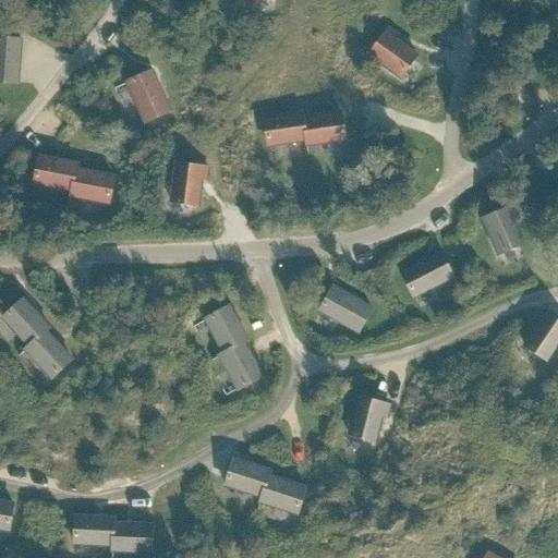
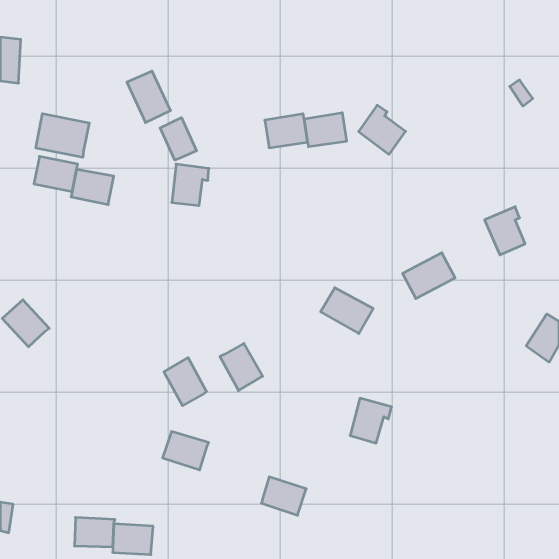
building: [369,29,416,78] -> [359,105,406,154]
building: none -> [36,114,89,157]
building: none -> [160,118,197,160]
building: [205,305,247,353] -> [164,358,207,406]
building: [25,330,71,378] -> none
building: [225,459,270,497] -> [163,432,209,470]

